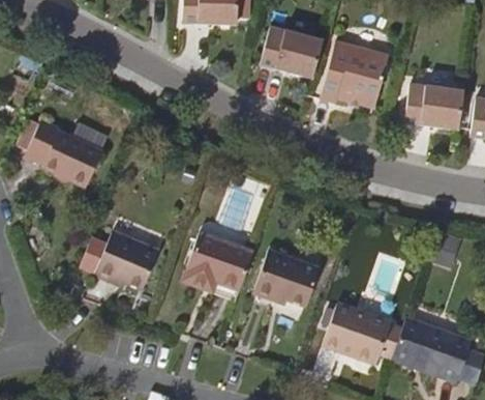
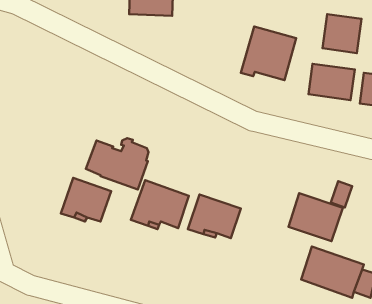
building: none -> [323,14,361,53]
building: [259,27,322,79] -> none
building: [24,115,102,179] -> [86,138,149,189]
building: [325,301,393,361] -> [288,193,343,241]

